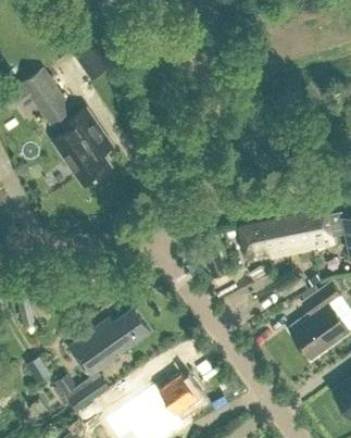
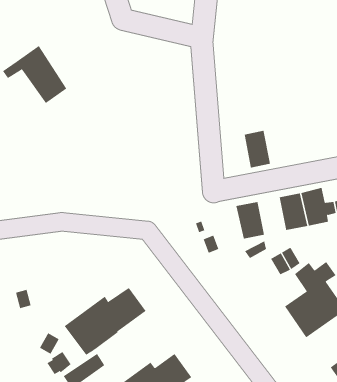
building: [54,108,113,185] -> none
building: [263,218,290,256] -> [244,130,271,168]

